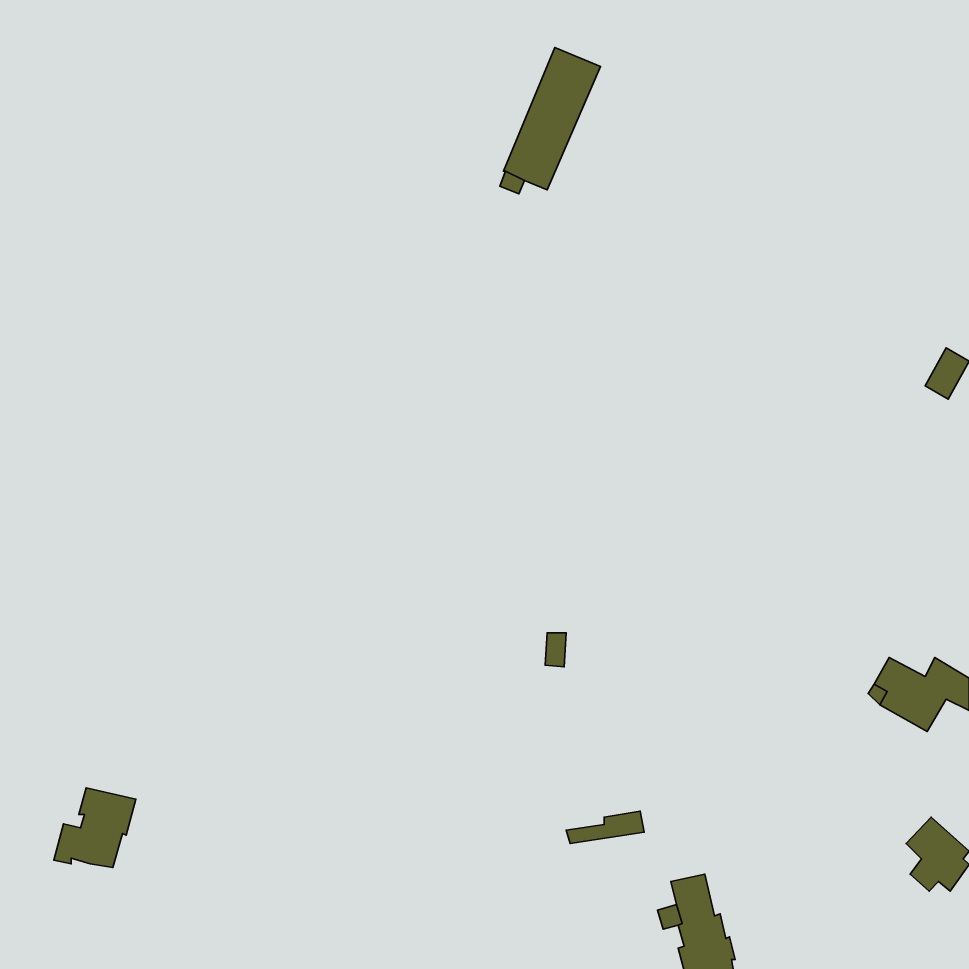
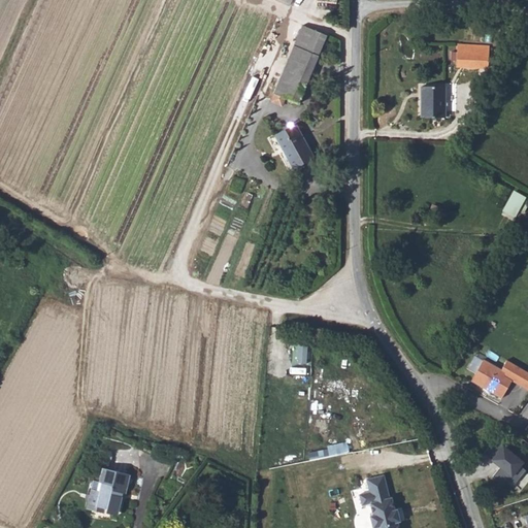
building: none -> [453,48,487,70]
building: none -> [422,86,446,117]
building: none -> [273,125,311,170]
building: [54,788,136,868] -> [85,468,129,512]

